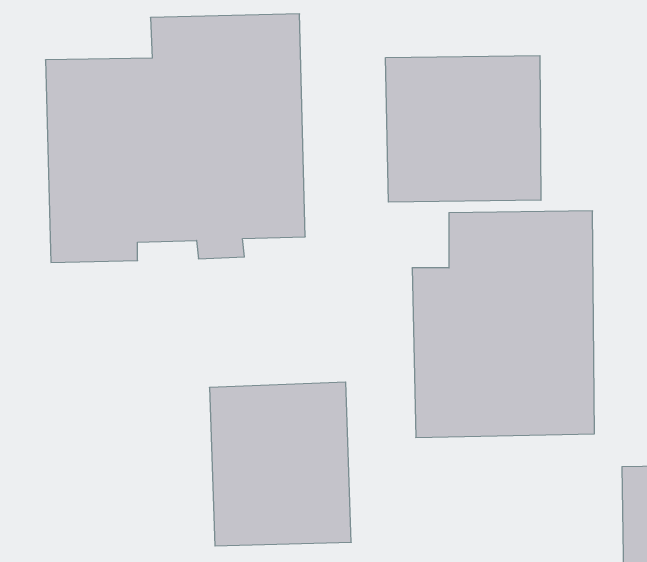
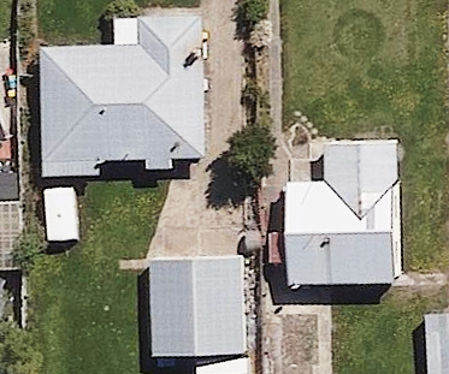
building: [386,56,541,202] -> none

